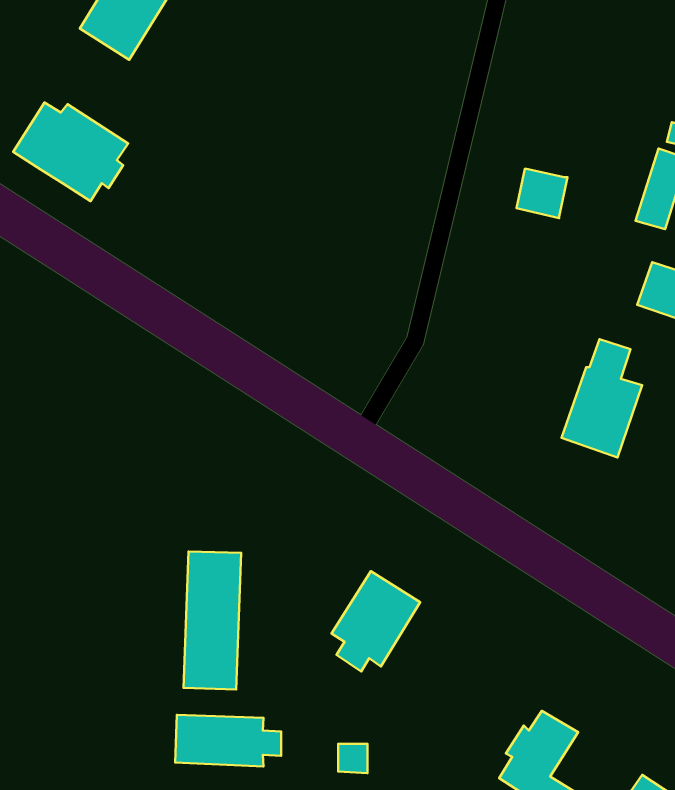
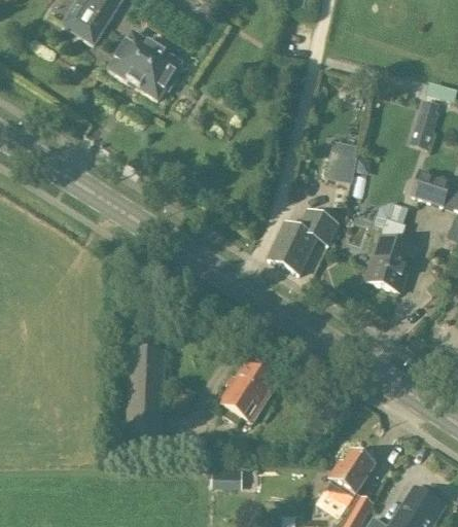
building: [13,103,128,201] -> [108,35,180,97]
building: [516,169,567,218] -> [323,151,355,182]
building: none -> [267,207,340,273]
building: [175,715,281,767] -> none

